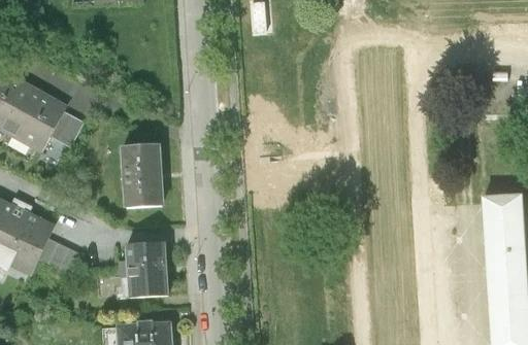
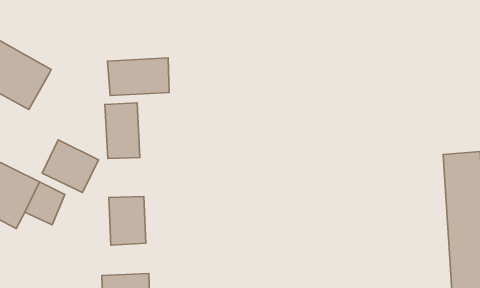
building: none -> [108,58,169,95]
building: [52,112,84,146] -> none
building: none -> [42,140,98,192]

